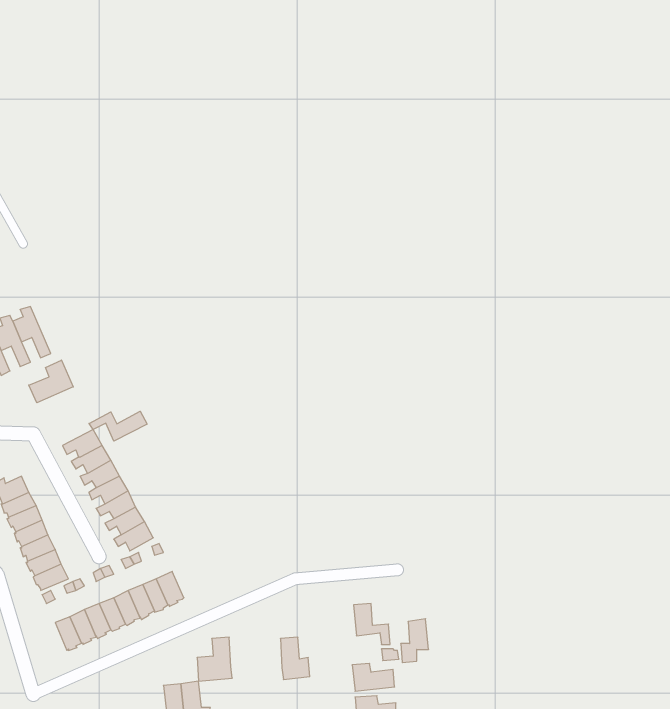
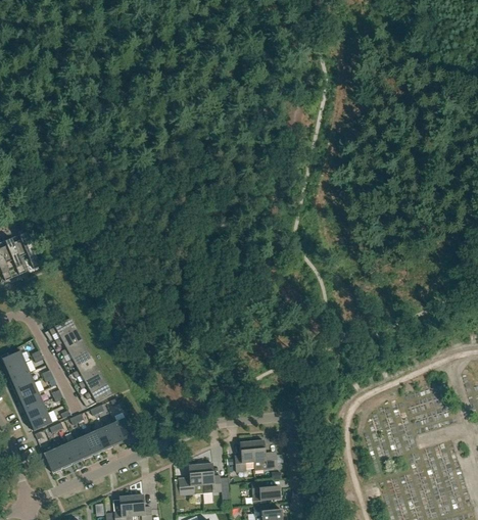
building: [29,360,73,403] -> none
building: [89,411,147,441] -> none
building: [401,619,429,663] -> [234,440,253,471]
building: [197,637,232,681] -> [178,464,202,494]

